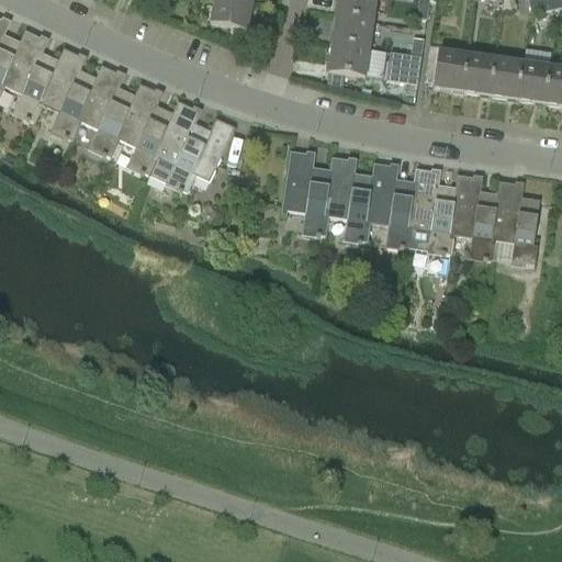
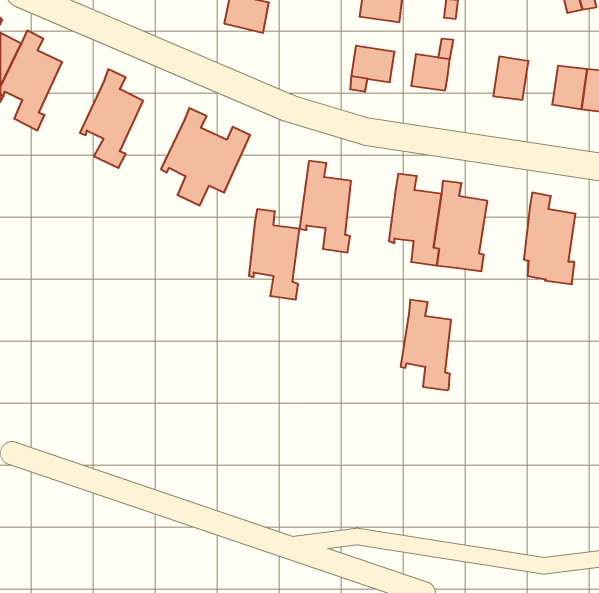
building: [334,15,374,48] -> none
building: [37,47,98,139] -> none
building: [434,48,468,90] -> none
building: [490,57,522,98] -> none
building: [113,83,173,175] -> none
building: [324,157,371,241] -> [249,209,300,299]
building: [449,175,496,259] -> [401,300,451,390]

